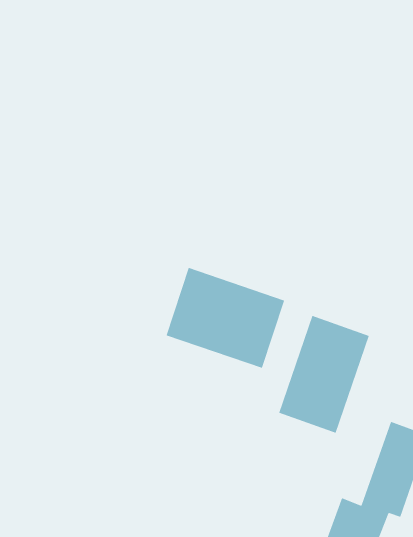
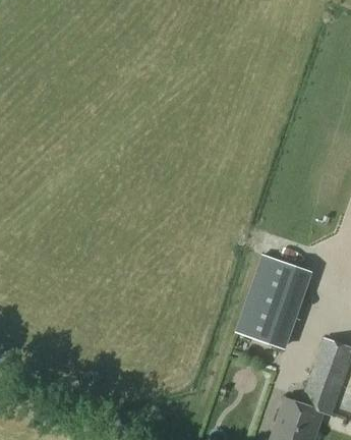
building: [165,267,285,369] -> none

